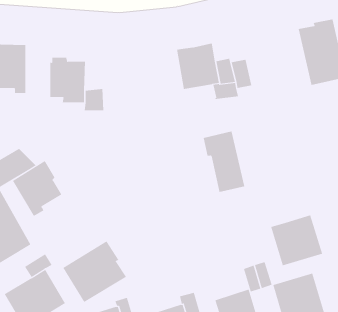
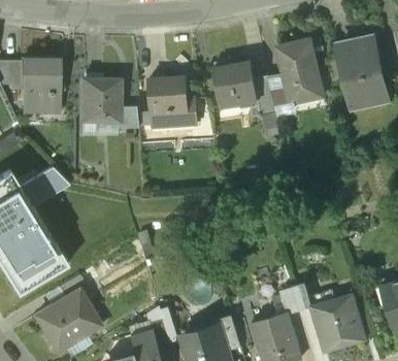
building: none -> [147,77,196,128]
building: [203,131,245,193] -> [277,40,321,103]
building: [12,160,62,217] -> none
building: [270,215,323,266] -> none
building: [63,241,127,303] -> none

